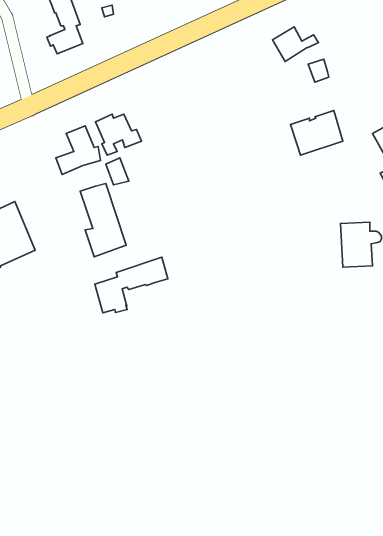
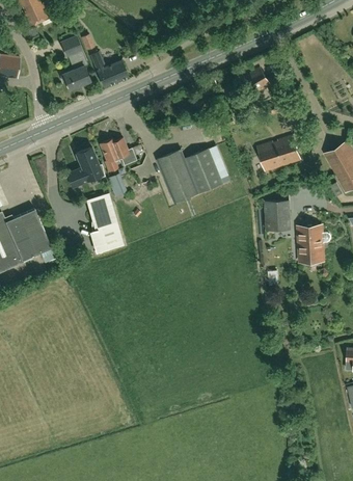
building: none -> [90,52,128,86]
building: none -> [157,148,223,203]
building: none -> [265,199,291,231]
building: [95,257,168,313] -> none

